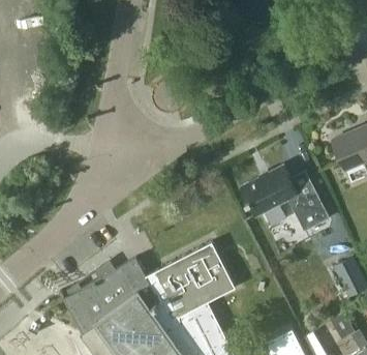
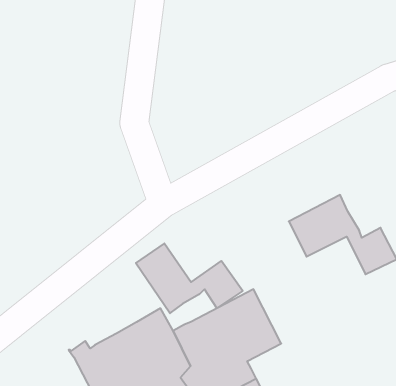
building: none -> [136,243,243,313]

